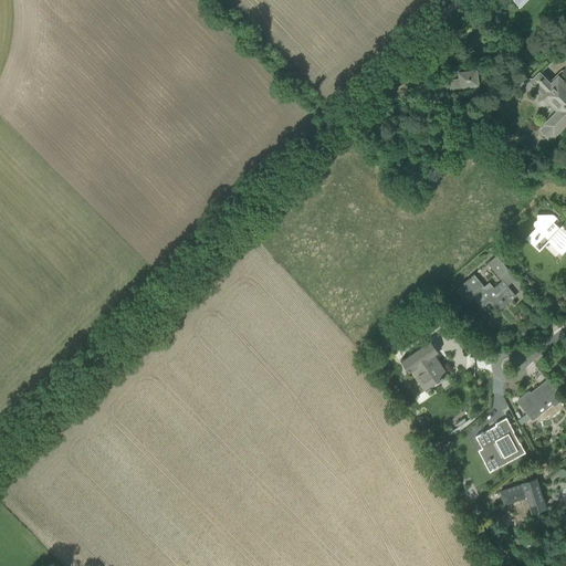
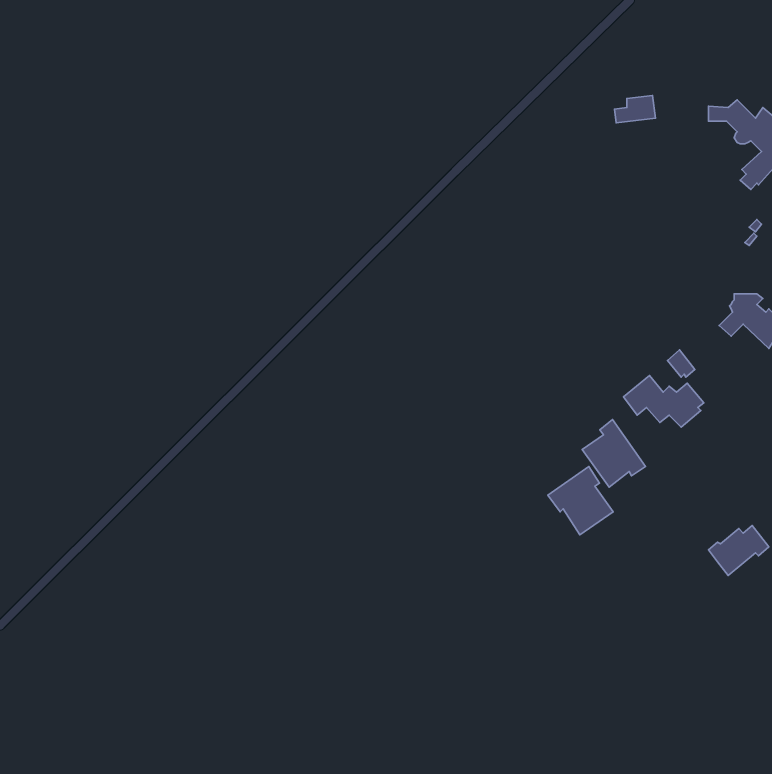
building: none -> [582,420,645,487]
building: [476,418,526,472] -> none
building: [500,480,546,512] -> none

